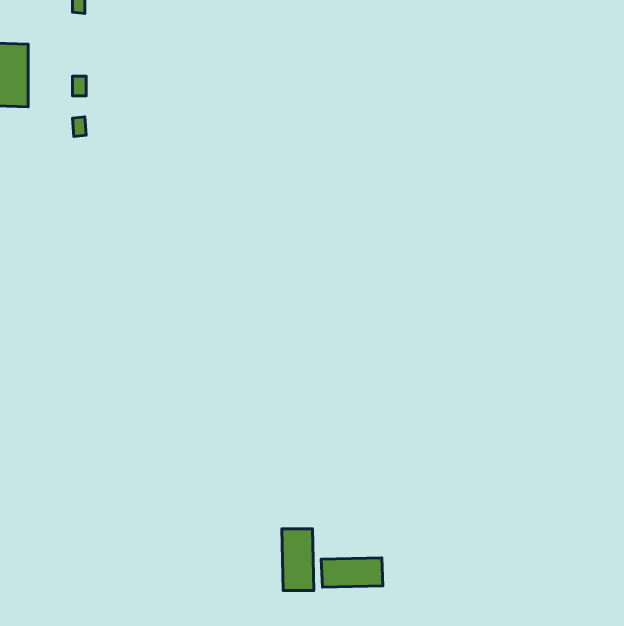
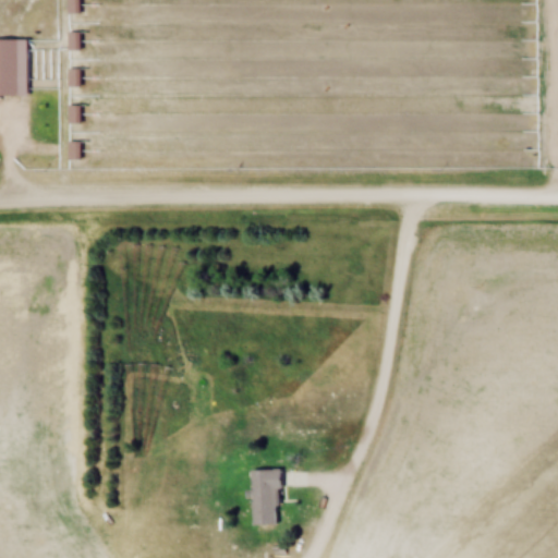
building: [321,558,383,587] -> none

